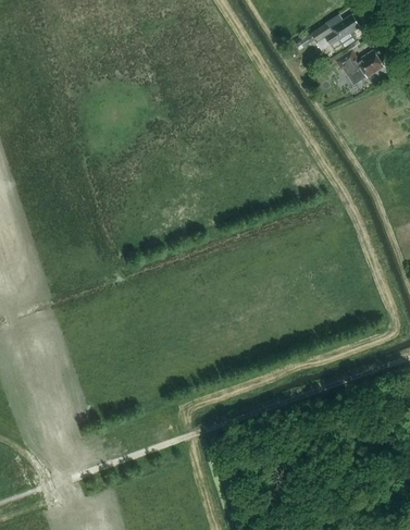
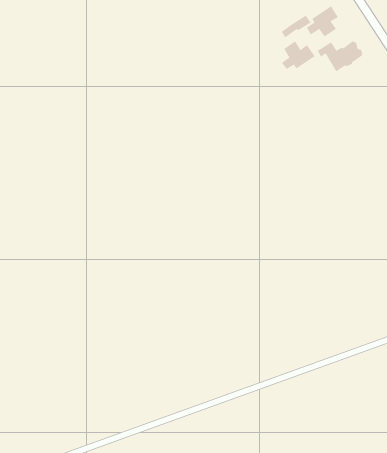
building: none -> [281,41,315,70]

